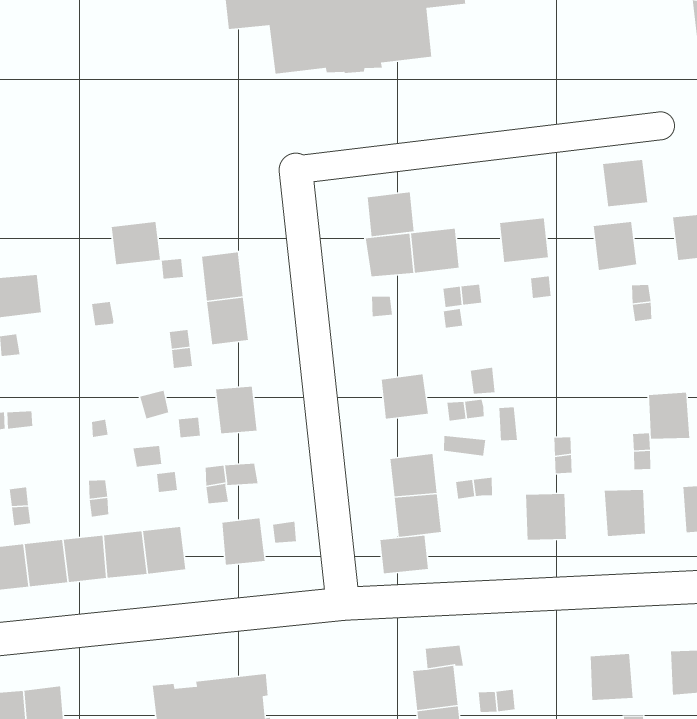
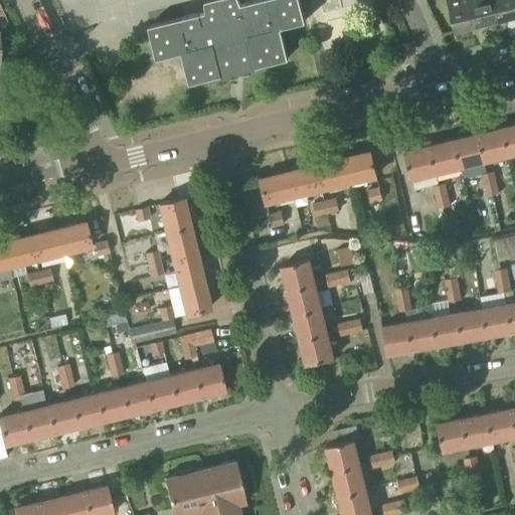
building: [602,159,648,207] -> [427,141,460,174]
building: [367,192,415,237] -> [317,159,350,191]
building: [111,221,161,265] -> [57,223,92,254]
building: none -> [173,254,202,288]
building: [648,392,690,440] -> [458,310,488,343]
building: none -> [289,286,322,317]
building: none -> [408,319,439,353]
building: none -> [169,371,200,404]
building: [379,535,429,574] -> none
building: none -> [463,414,493,448]

